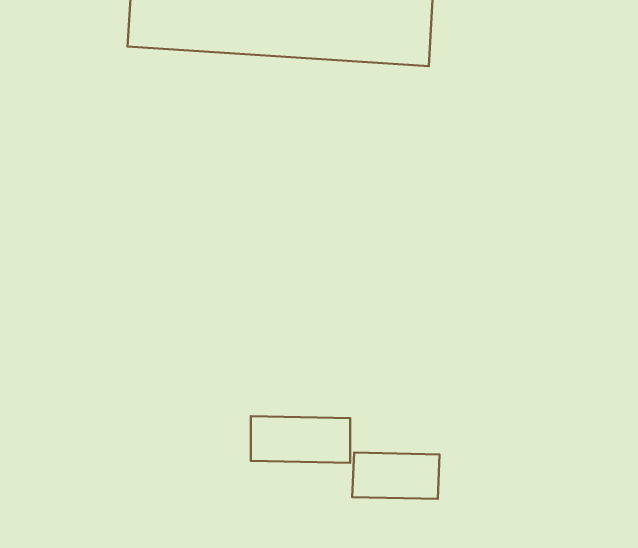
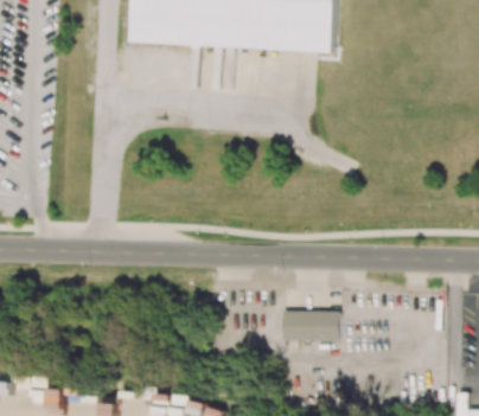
building: [251,416,350,463] -> none

